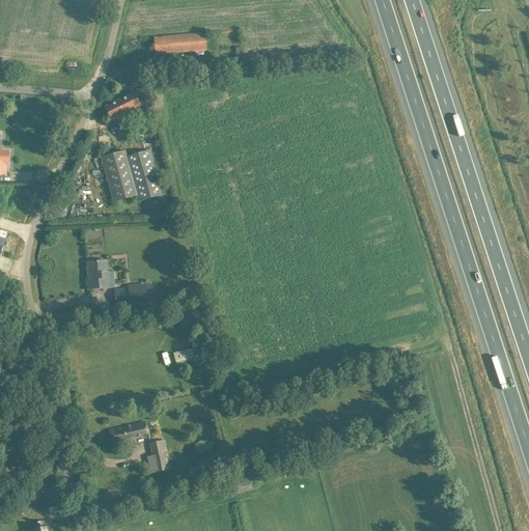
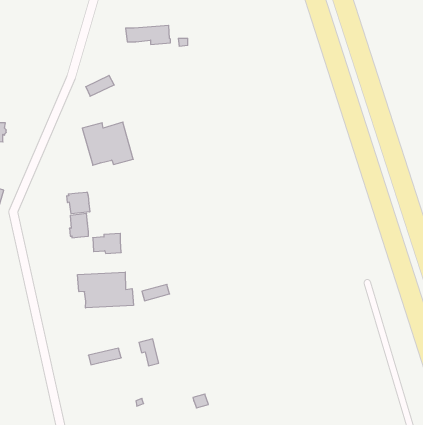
building: none -> [67,192,90,214]
building: none -> [78,272,133,308]
building: [145,439,169,471] -> [139,339,159,366]

